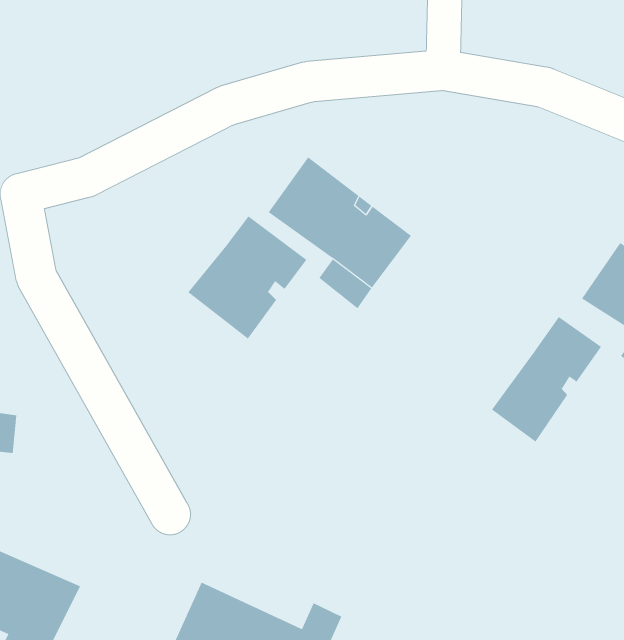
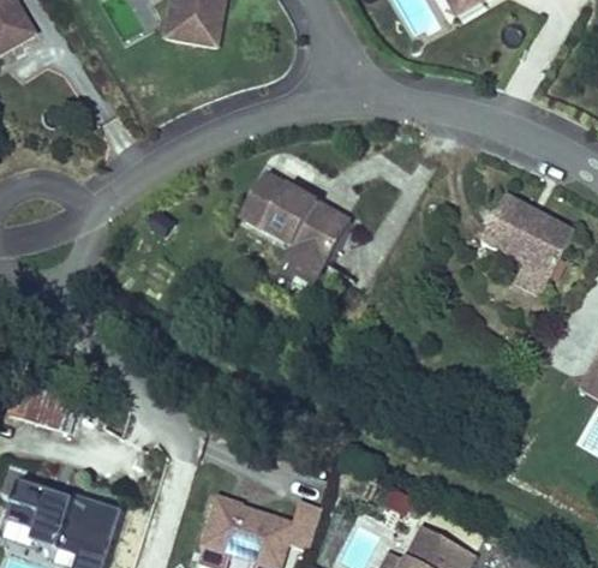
building: [187,215,307,340] -> none
building: [491,316,602,442] -> none

